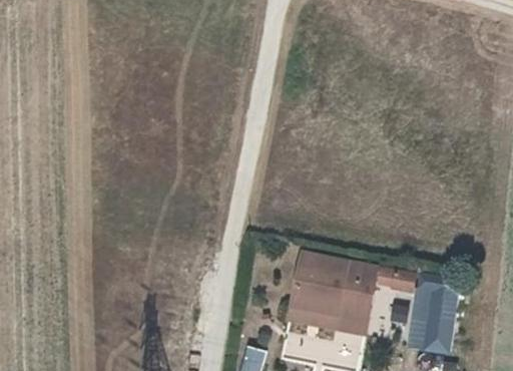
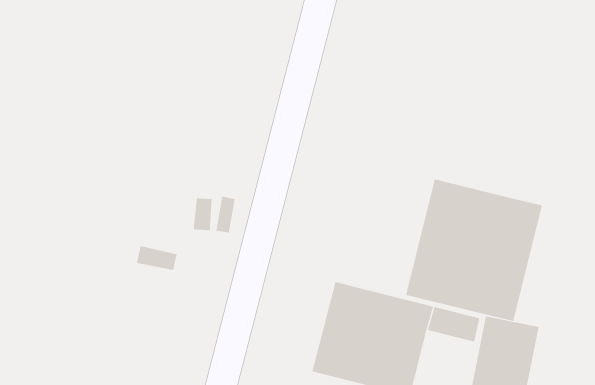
building: none -> [405,178,542,322]

